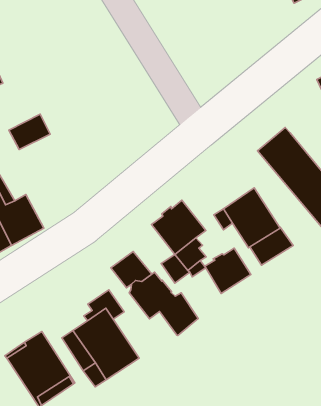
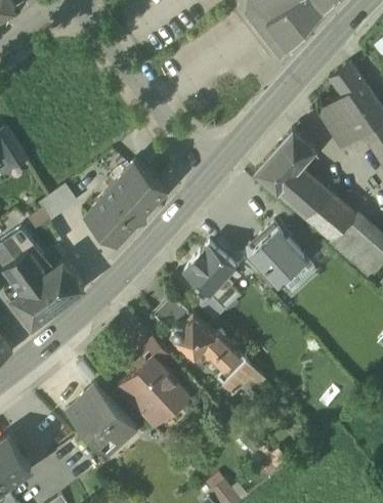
building: none -> [255,130,314,187]
building: none -> [87,161,166,242]
building: [205,248,251,293] -> none
building: none -> [217,351,265,391]

